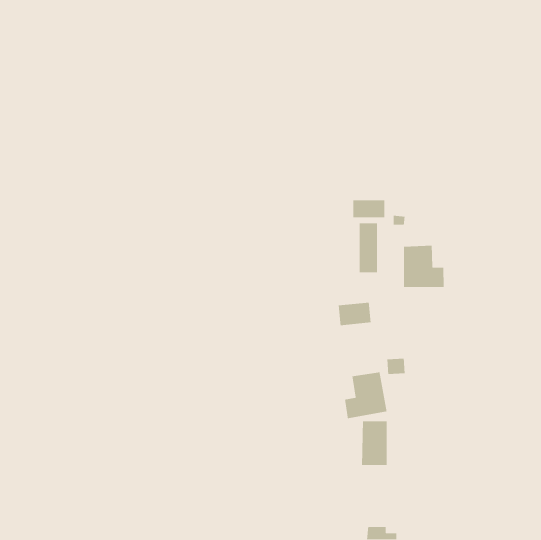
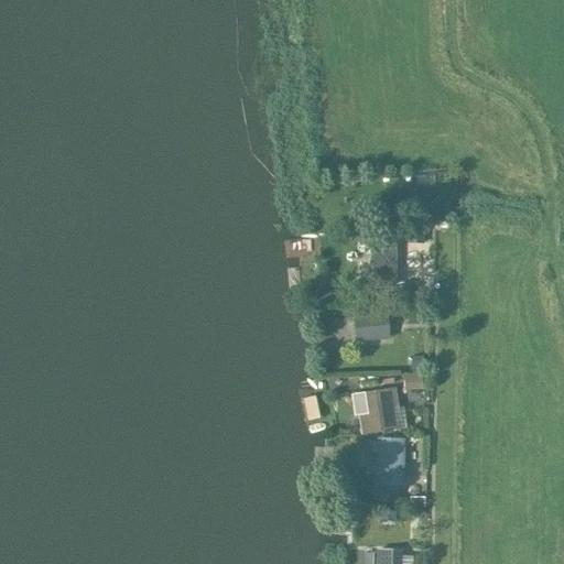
building: [352,200,385,218] -> none
building: [403,245,445,288] -> none

